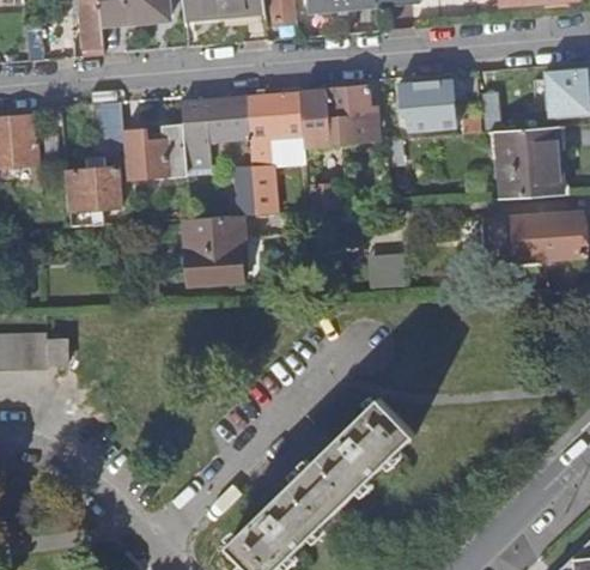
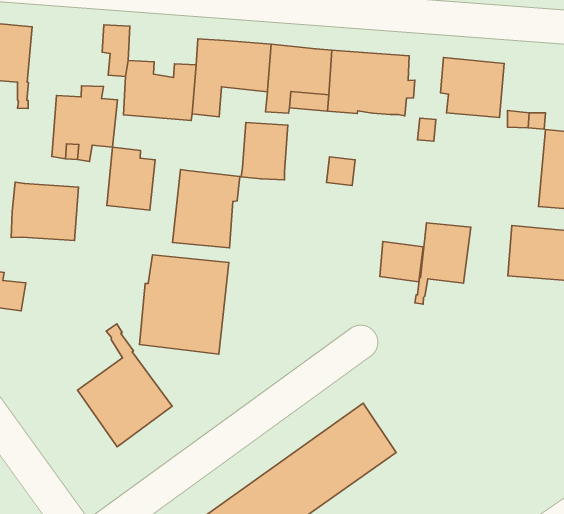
building: none -> [107,147,155,210]
building: none -> [415,223,471,304]
building: none -> [11,182,78,241]
building: none -> [140,255,229,354]
building: none -> [77,324,172,447]

